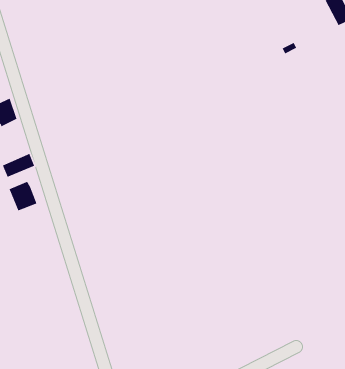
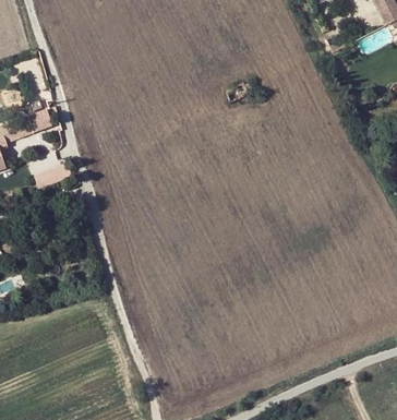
building: [9,181,38,211] -> none

